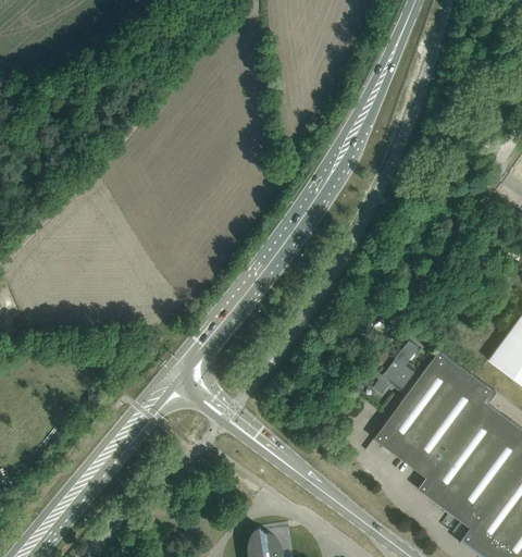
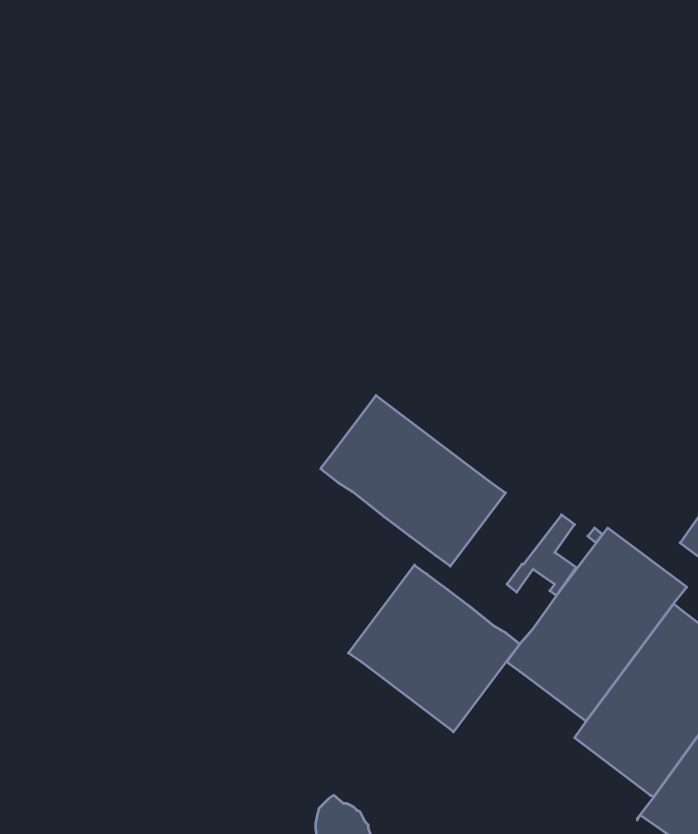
building: none -> [321,395,506,566]
building: none -> [348,565,520,732]

